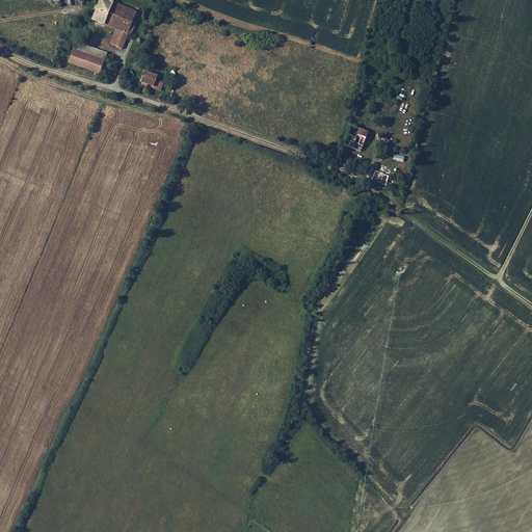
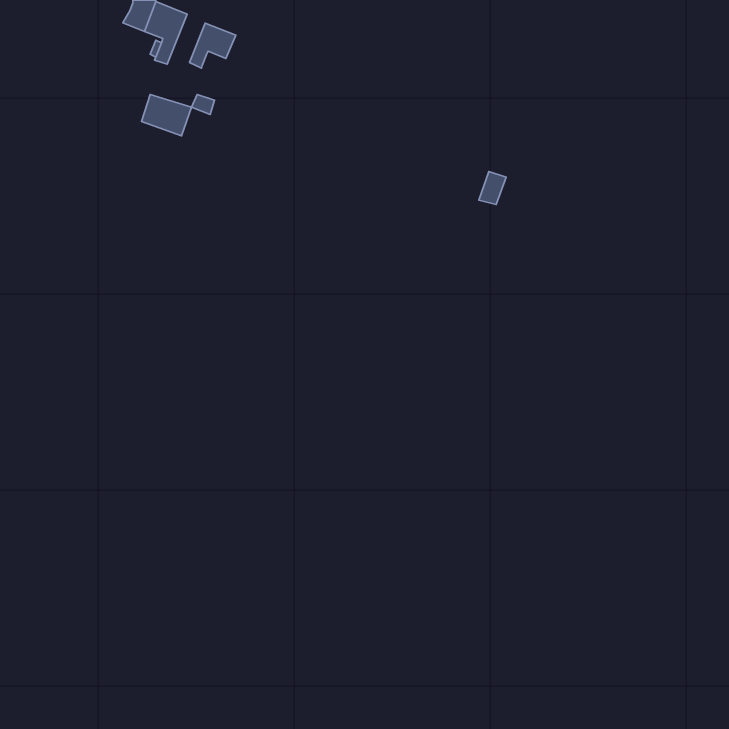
building: none -> [190,23,236,68]
building: [69,42,105,72] -> [142,94,192,136]

